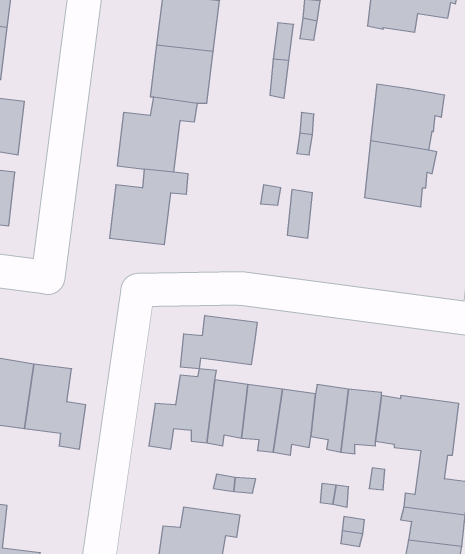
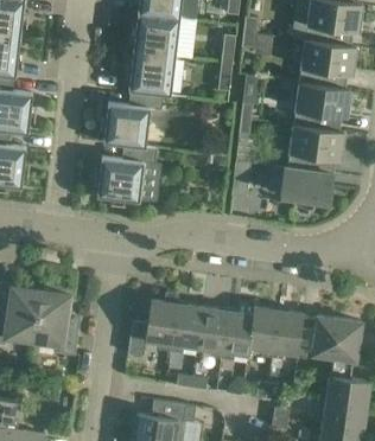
building: none -> [299,38,356,84]
building: none -> [271,166,337,212]
building: [181,315,257,369] -> none

